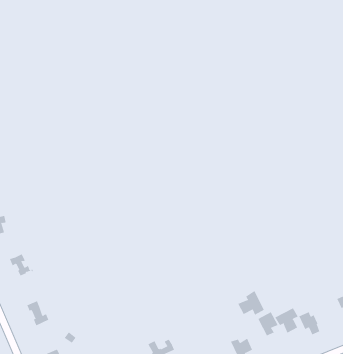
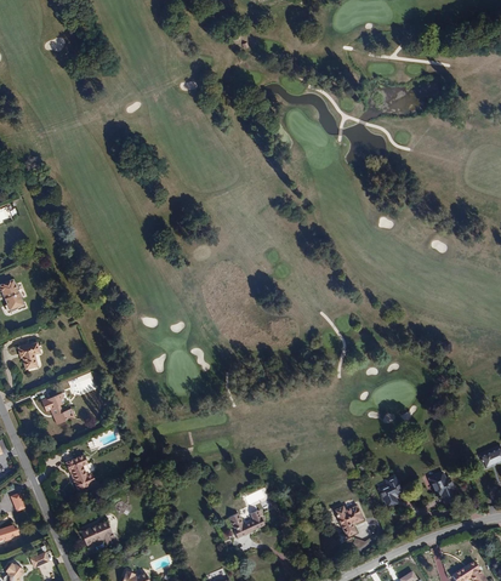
building: [238,290,265,316] -> none
building: [274,307,298,333] -> none

